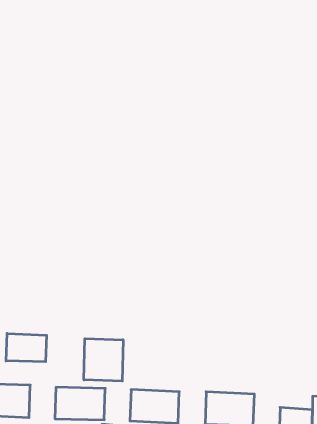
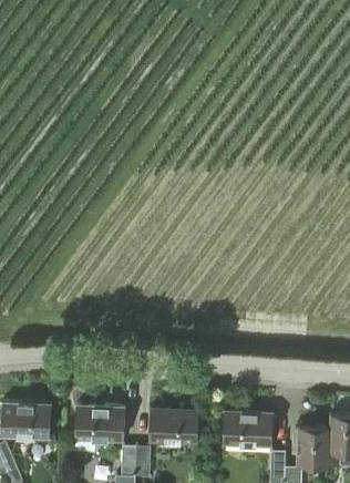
building: [6,333,47,362] -> none
building: [84,339,123,381] -> none

